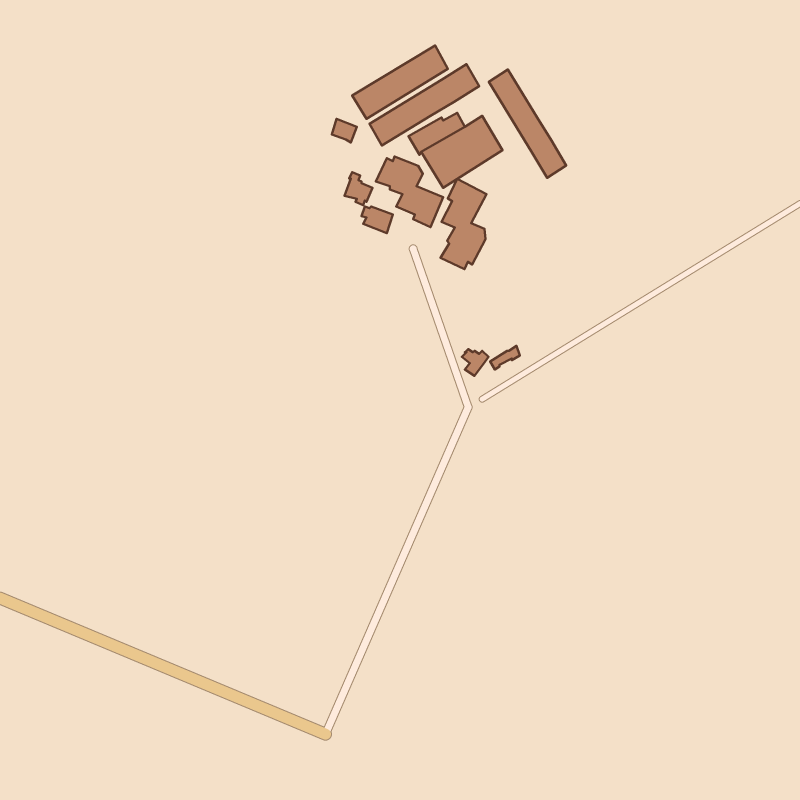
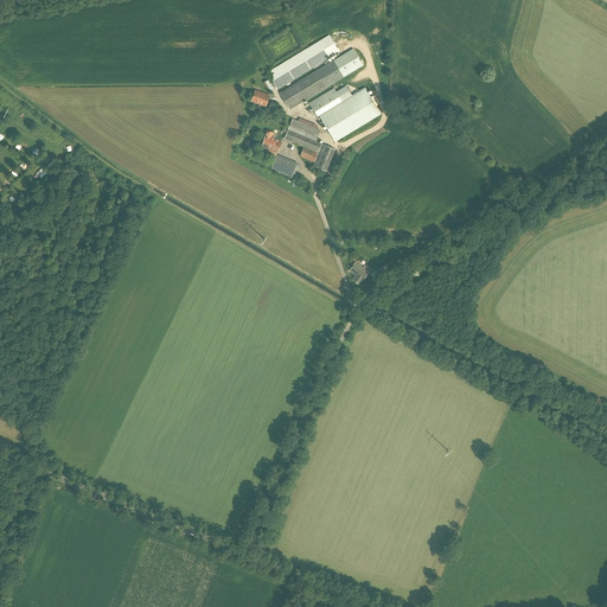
building: [489,69,566,178] -> none
building: [441,179,486,269] -> none

